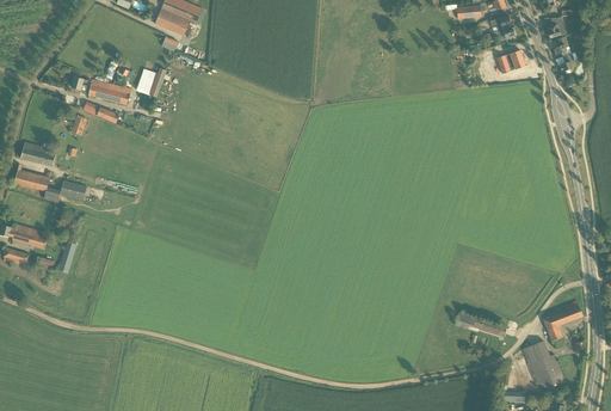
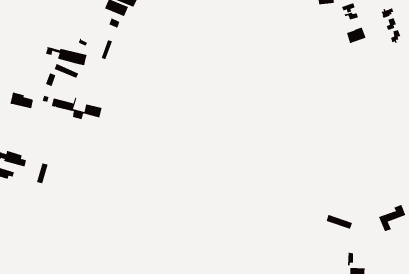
building: [13,170,86,202] -> [51,97,102,120]
building: [521,339,567,391] -> none

